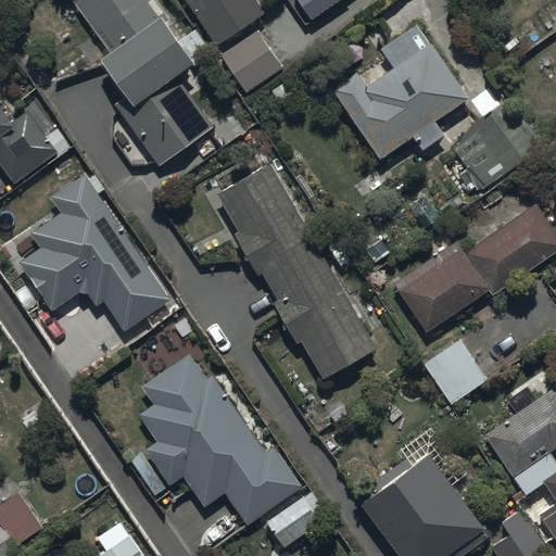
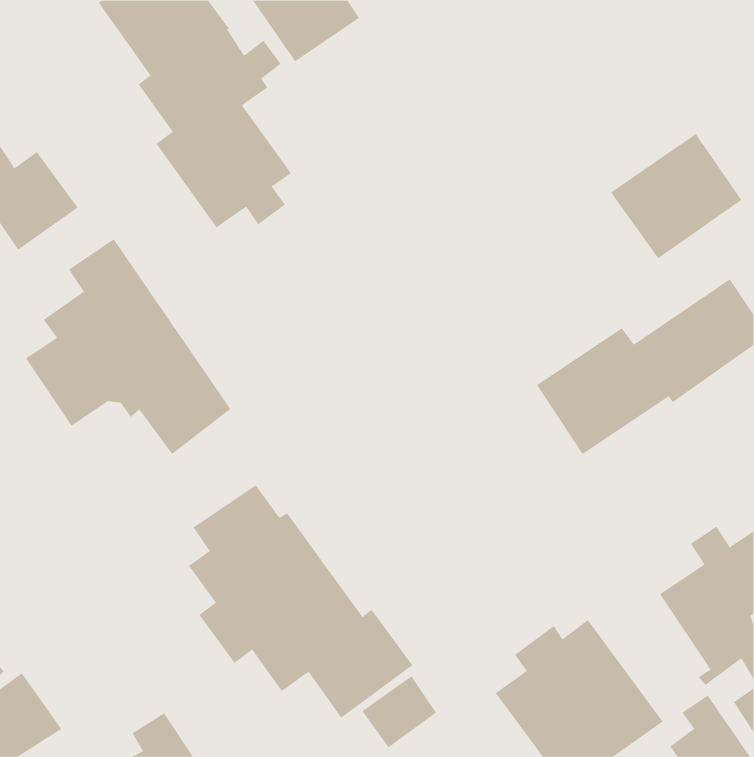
building: [332,25,469,161] -> none
building: [220,30,294,93] -> none
building: [216,162,378,380] -> none
building: [422,339,486,405] -> none

